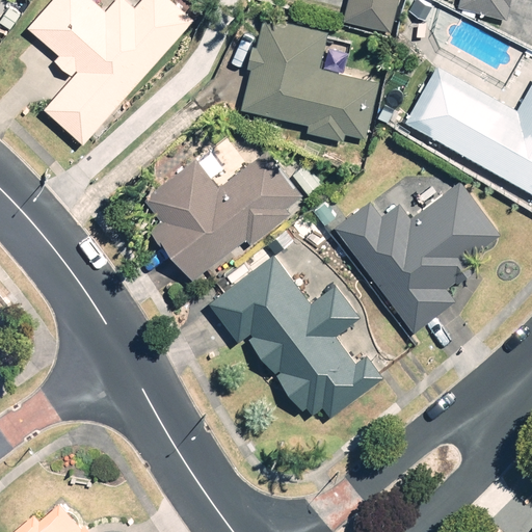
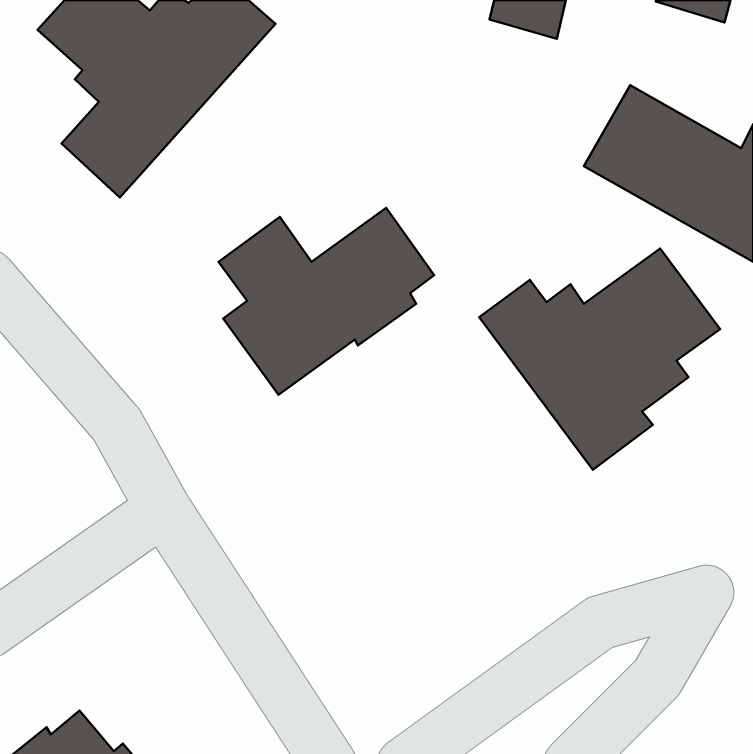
building: [241,20,376,140] -> none
building: [209,255,380,419] -> none

